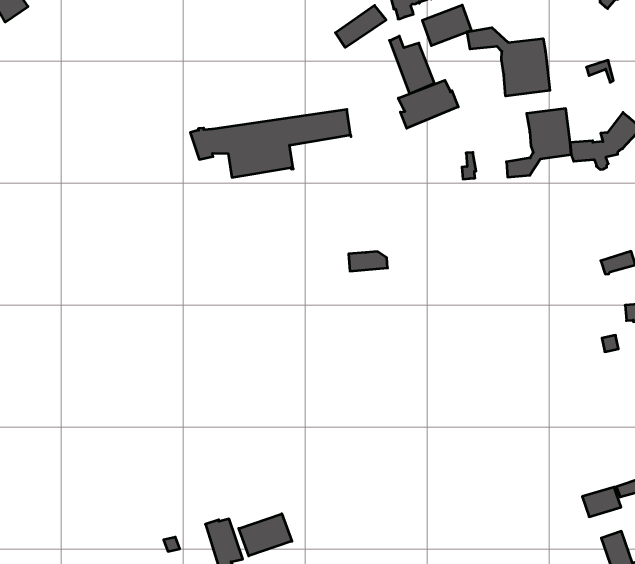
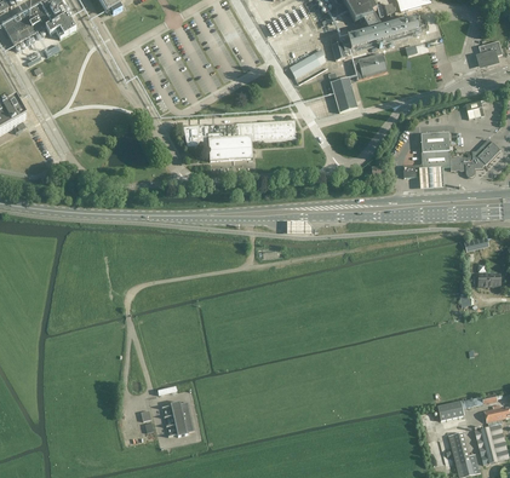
building: [467,28,550,96] -> none
building: [398,80,458,128] -> none
building: [239,514,292,556] -> none

